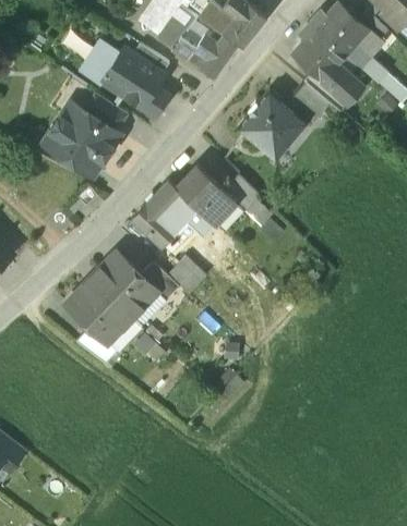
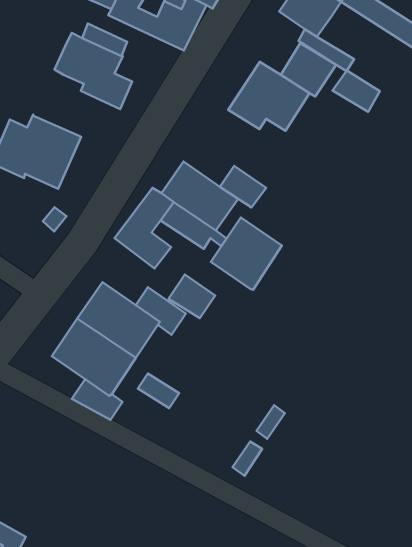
building: [82,41,119,85] -> none
building: [322,68,360,103] -> [332,71,380,112]
building: [83,93,128,131] -> none
building: none -> [211,217,282,290]

